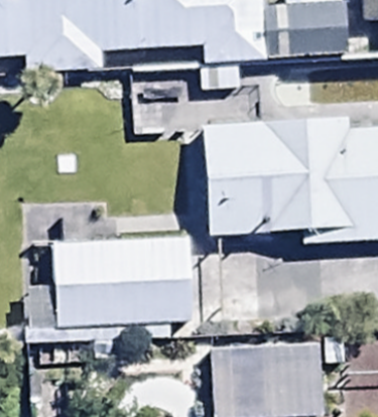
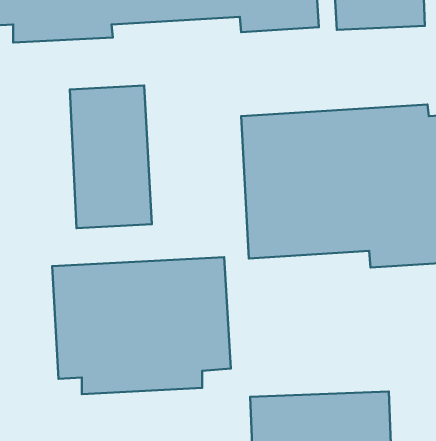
building: none -> [70,86,152,228]

